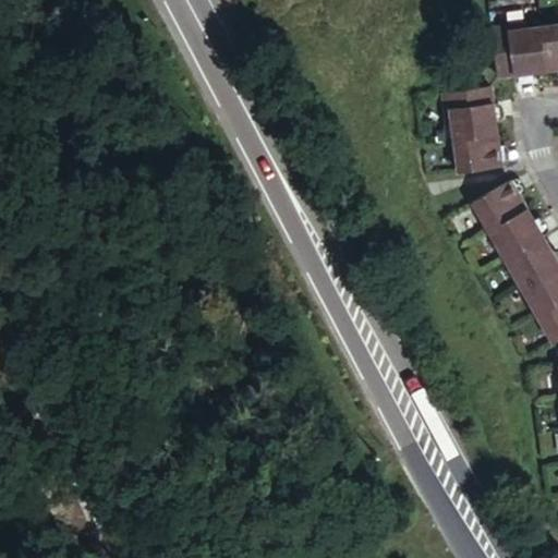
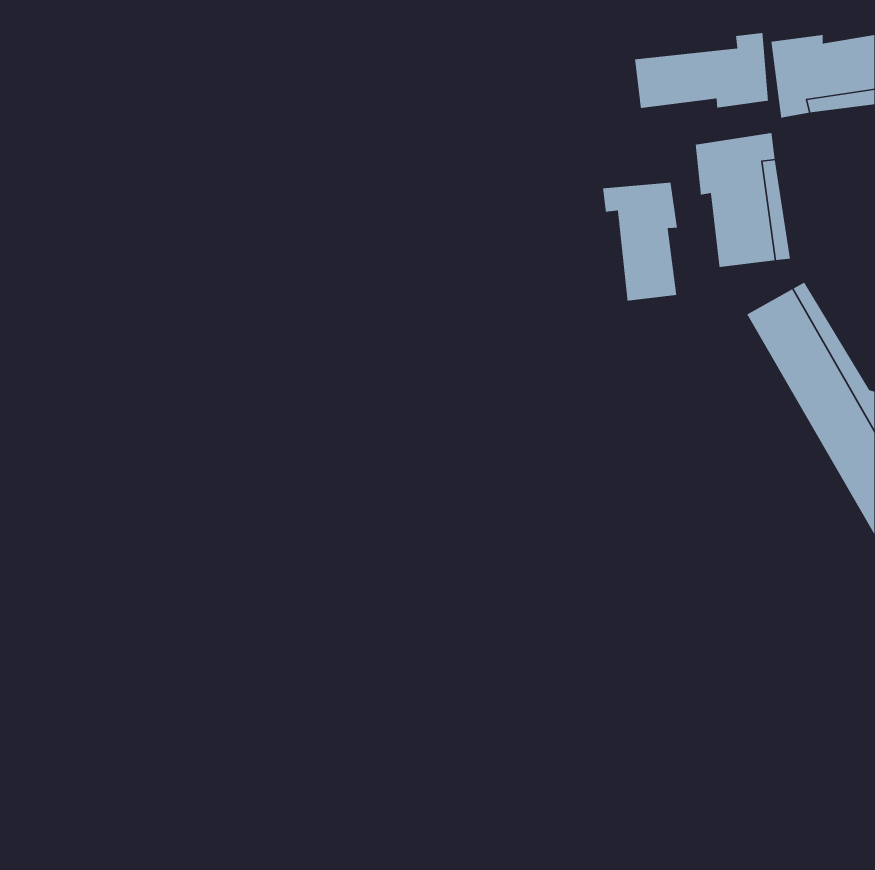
building: none -> [634,32,769,109]
building: none -> [602,182,678,302]

